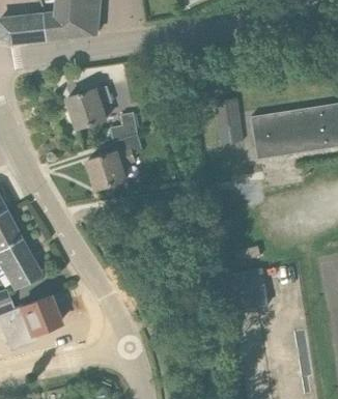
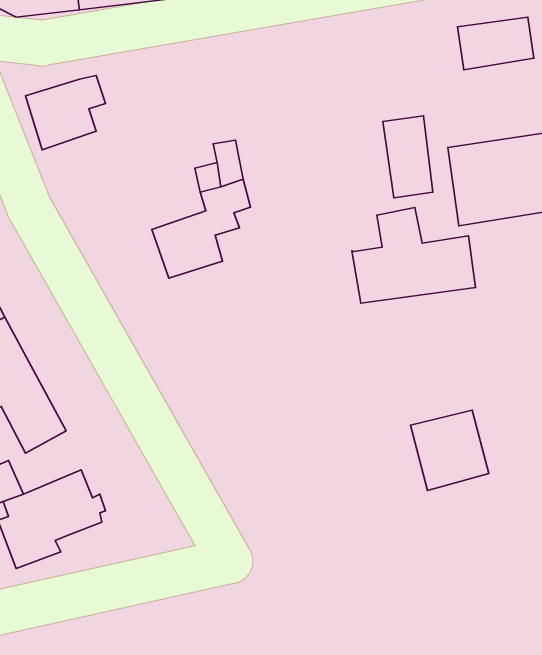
building: none -> [457,17,534,70]
building: [67,86,112,127] -> [25,75,106,150]
building: none -> [352,207,476,303]

